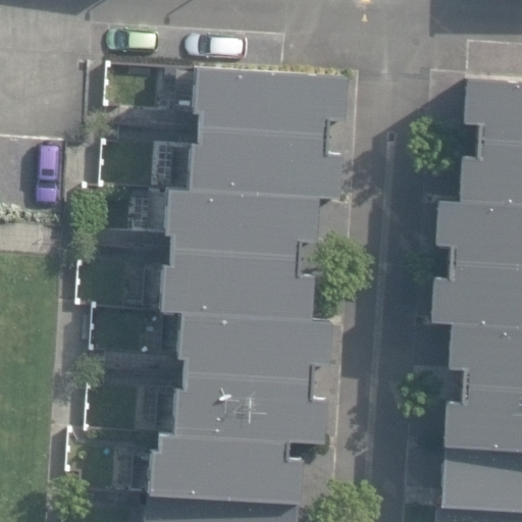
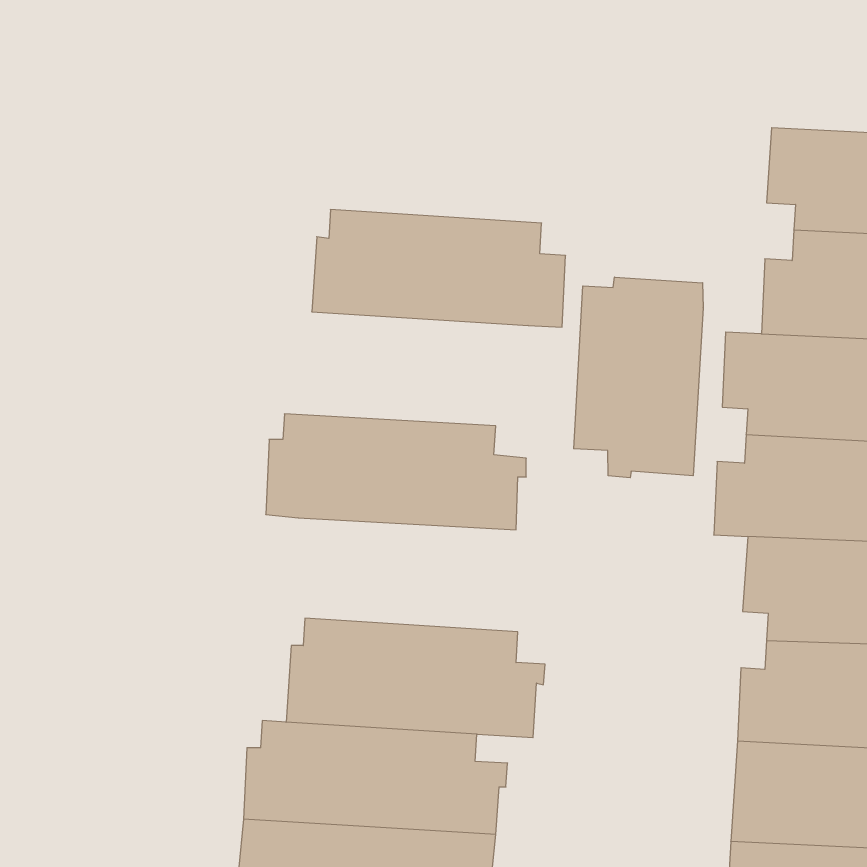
building: [193,68,347,136] -> none
building: none -> [574,277,703,478]
building: [165,188,318,257] -> none
building: [177,312,334,380] -> none

